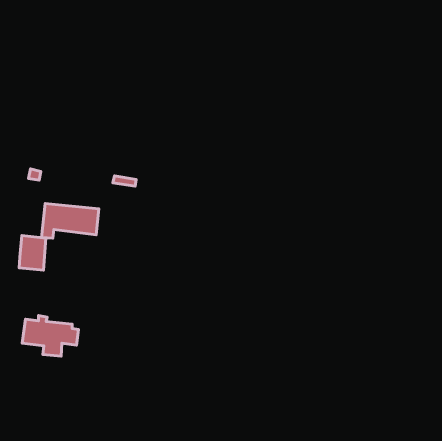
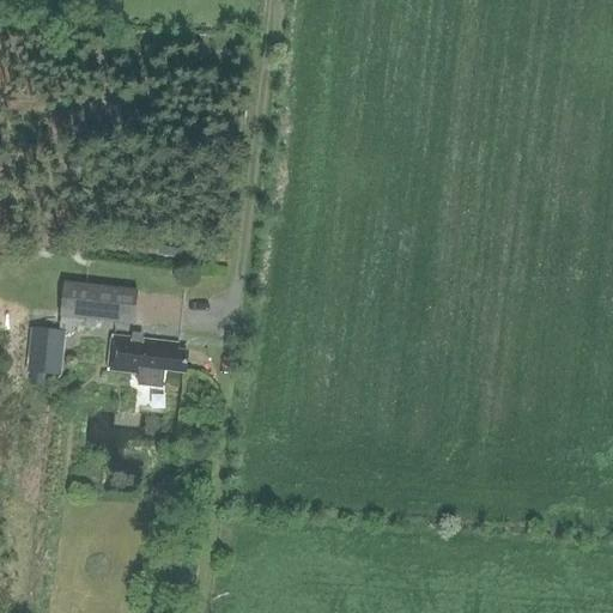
building: [22,316,78,356] -> [109,330,187,387]

